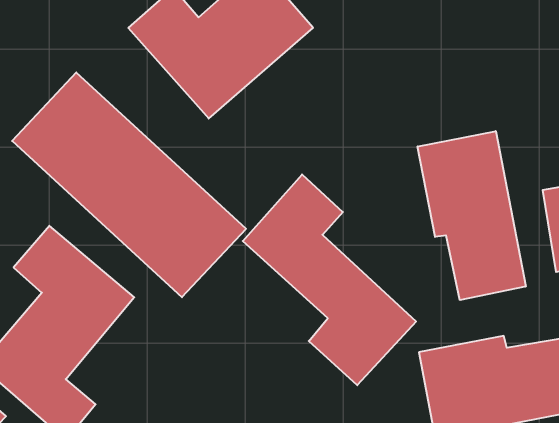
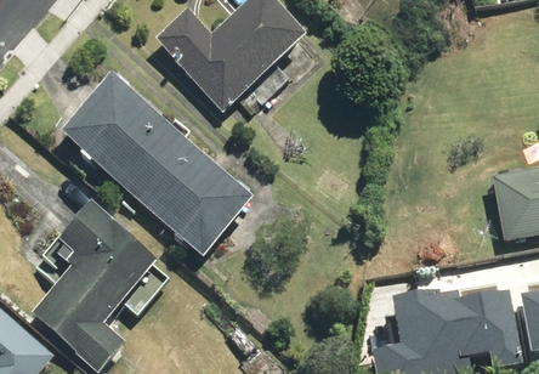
building: [418,131,526,300] -> none
building: [243,174,416,385] -> none

